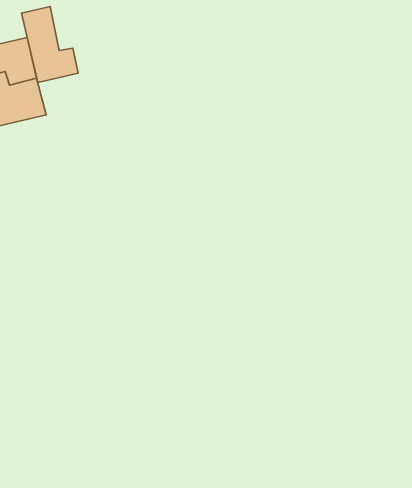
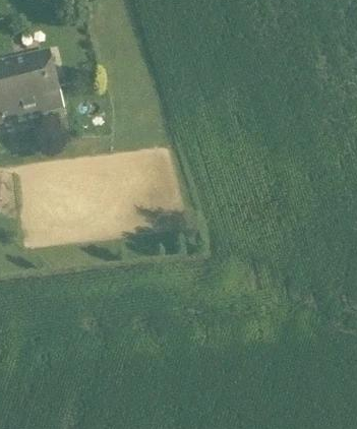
building: [22,7,78,82] -> none

